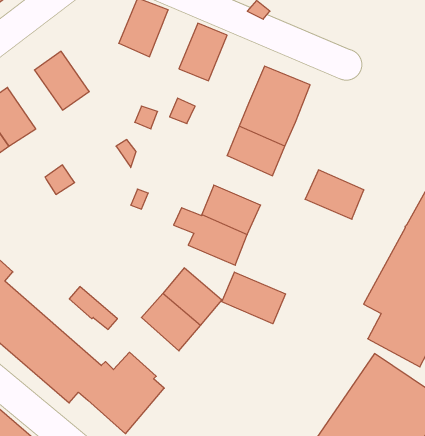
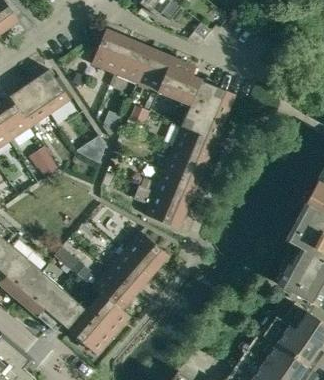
building: none -> [114,38,150,82]
building: none -> [158,57,200,108]
building: none -> [8,83,49,127]
building: [305,170,364,219] -> [162,147,206,184]
building: [222,272,286,324] -> none
building: none -> [91,268,136,312]

